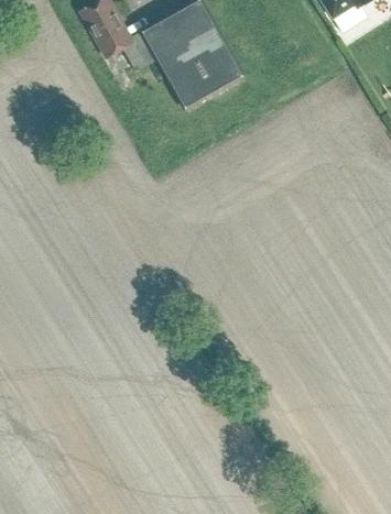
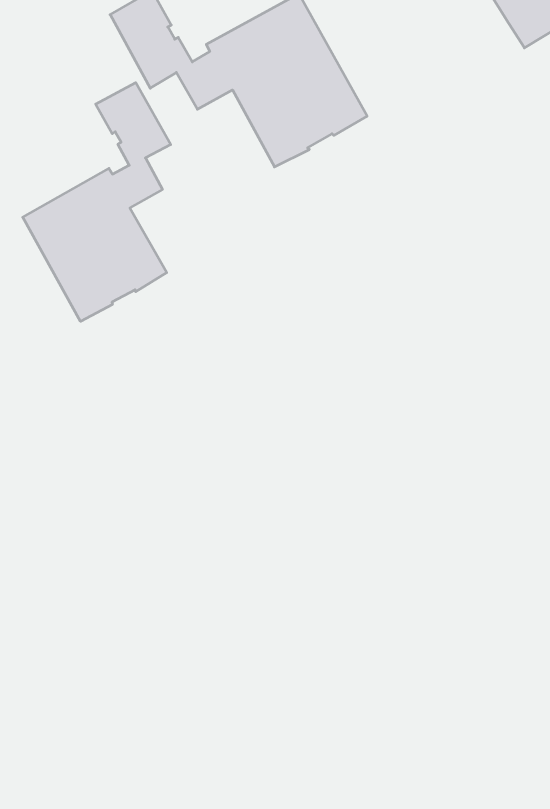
building: none -> [23,83,171,321]

